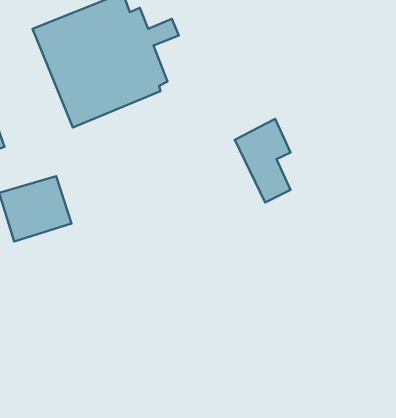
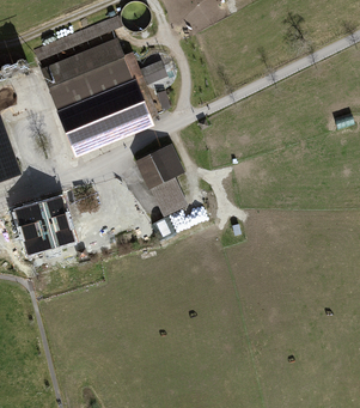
building: [235,119,290,202] -> [136,141,184,213]

